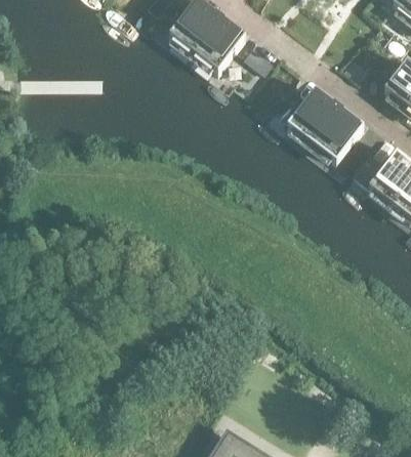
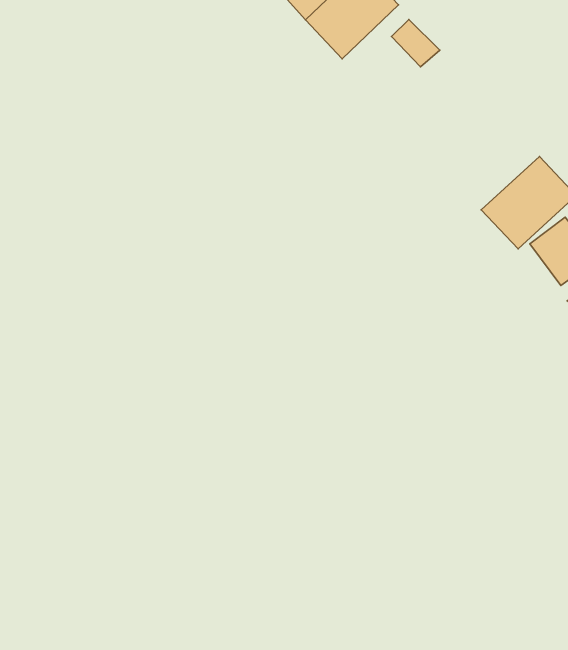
building: [287,90,339,144] -> none

